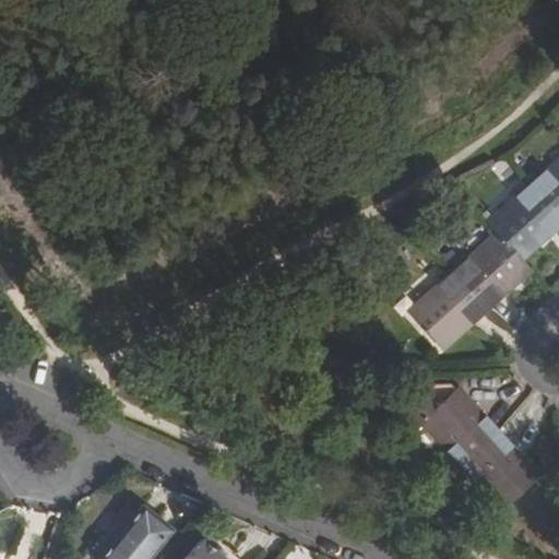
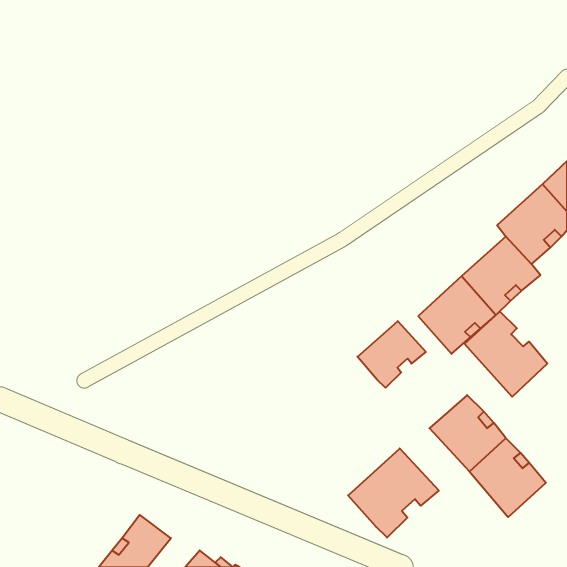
building: none -> [465,312,547,397]
building: none -> [357,321,426,388]
building: none -> [348,448,439,538]

